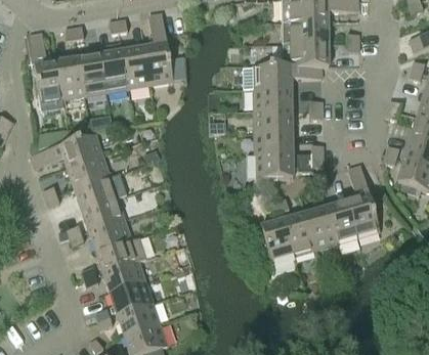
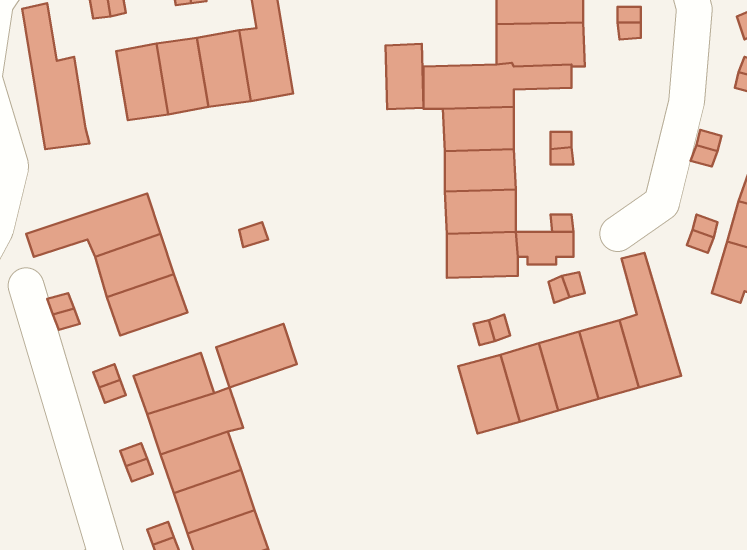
building: none -> [385,44,424,109]
building: [56,56,85,97] -> none
building: [81,195,124,229] -> [216,324,297,387]

